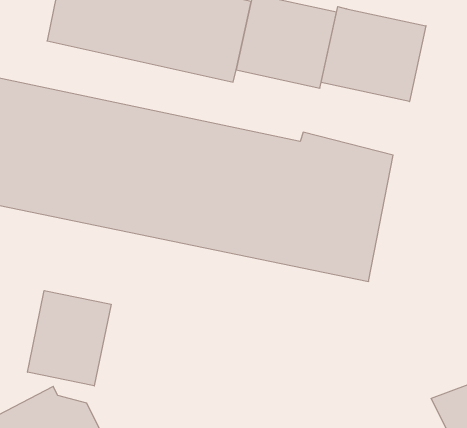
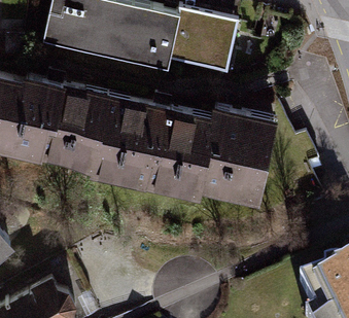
building: [321,7,426,102] -> none
building: [28,291,111,386] -> none

